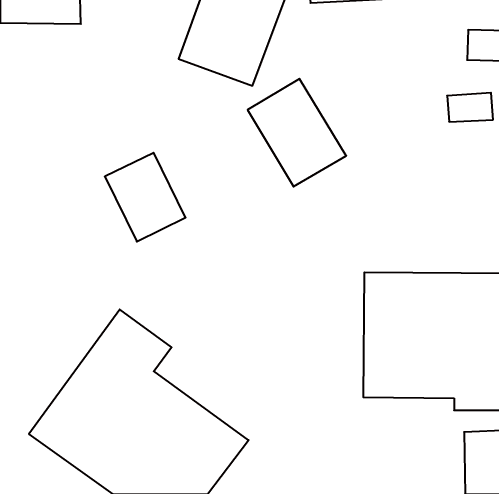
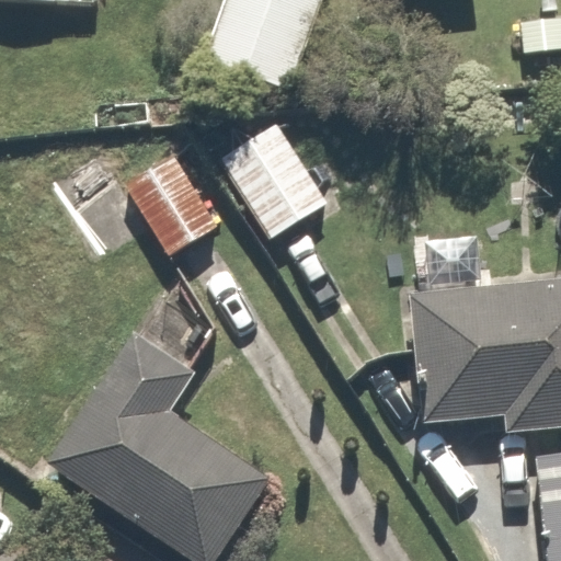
building: [248,79,346,187] -> [225,131,333,250]

